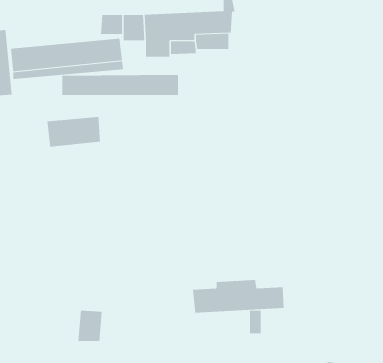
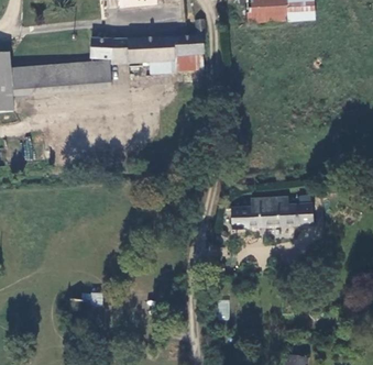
building: [62,74,178,96] -> none
building: [47,116,101,148] -> none
building: [192,279,285,313] -> [233,198,315,228]

